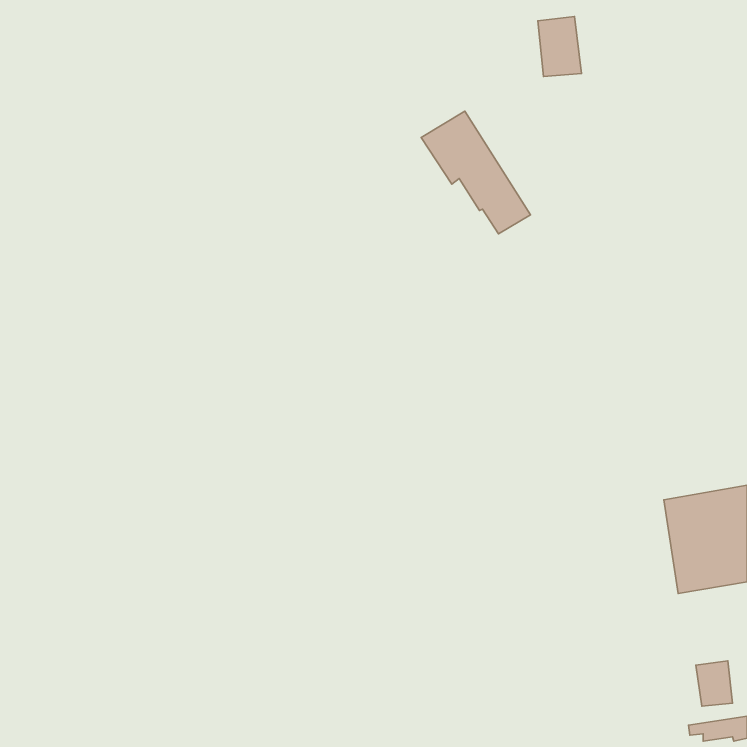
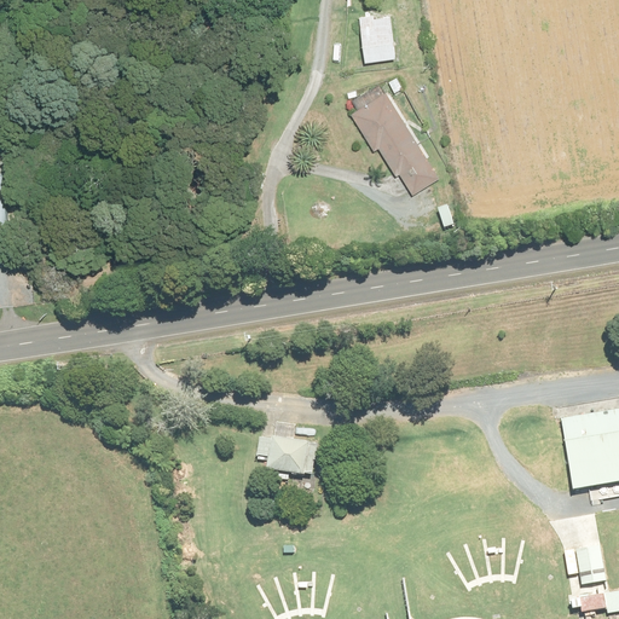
building: [538,17,582,76] -> [360,13,397,63]
building: none -> [258,424,317,481]

